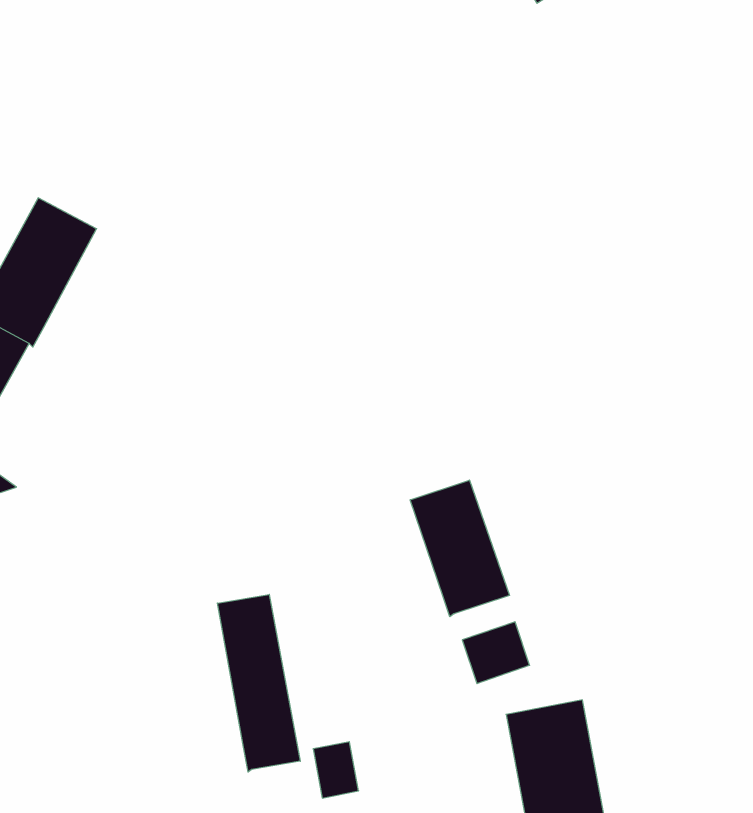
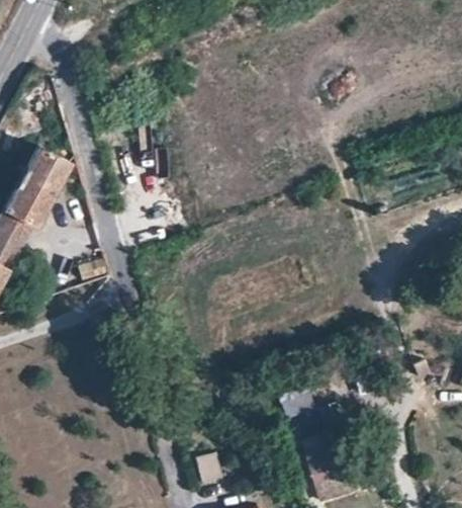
building: [410,480,509,617] -> none
building: [217,594,300,772] -> none

